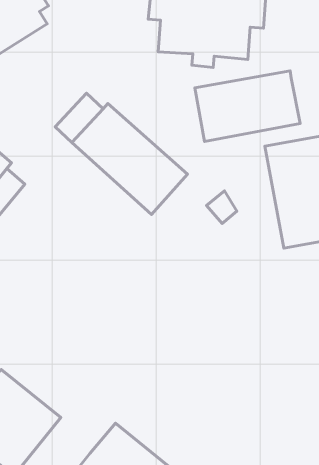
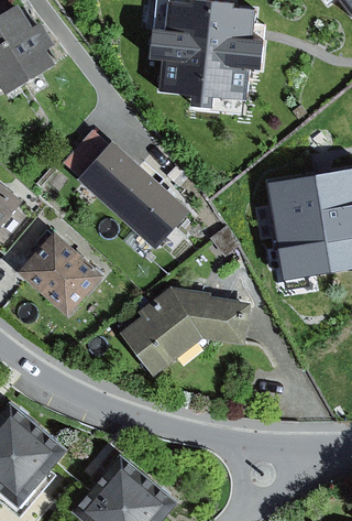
building: [195,71,300,142] -> none
building: none -> [16,231,103,316]
building: none -> [119,287,250,376]

